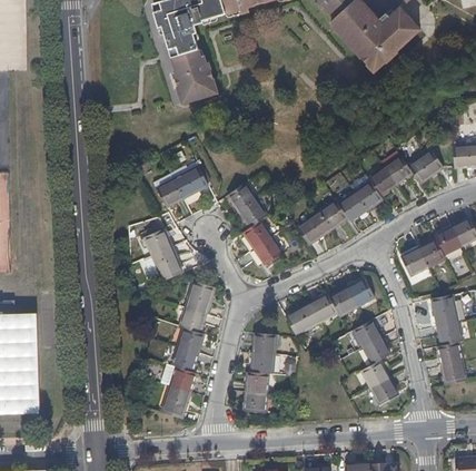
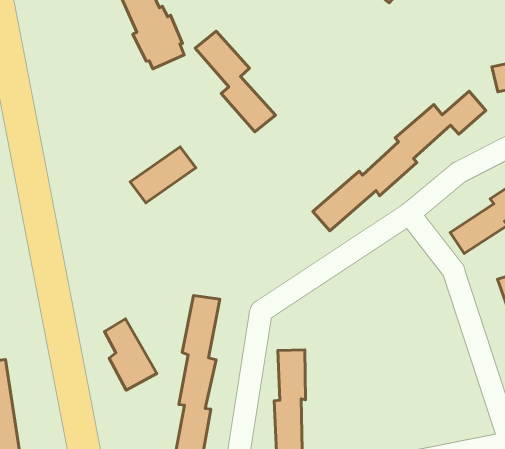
building: [225,183,280,265] -> [195,31,275,132]
building: [147,227,184,283] -> [104,319,157,390]
building: [285,279,374,334] -> none
building: [353,320,403,403] -> none

